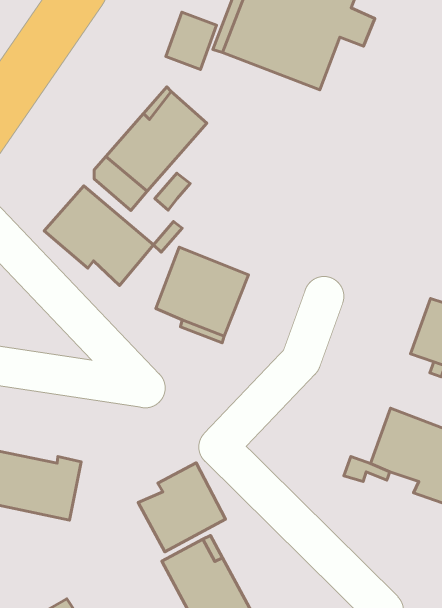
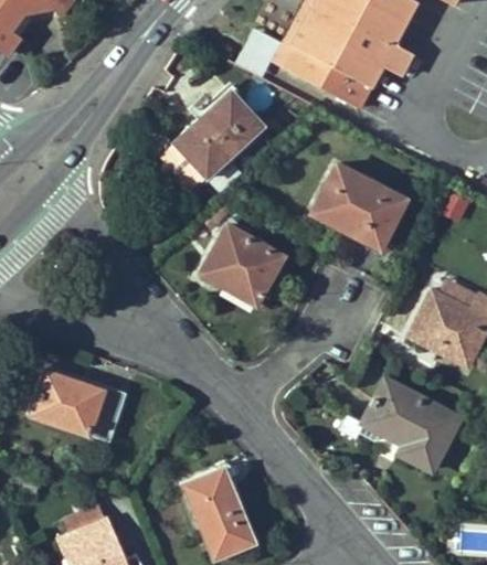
building: none -> [313,162,405,247]
building: [44,186,154,286] -> none
building: [138,463,225,552] -> none

